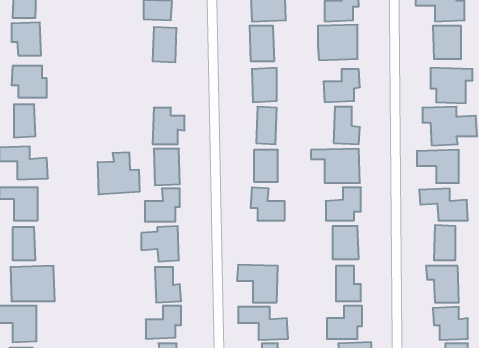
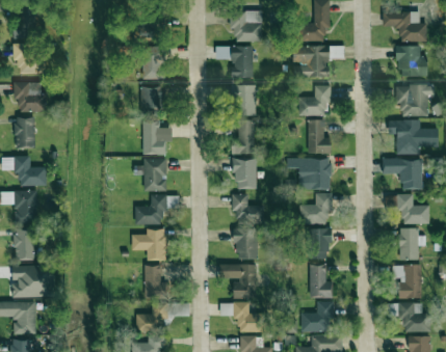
building: none -> [140,87,164,110]
building: [98,152,139,195] -> none
building: none -> [235,227,258,260]

